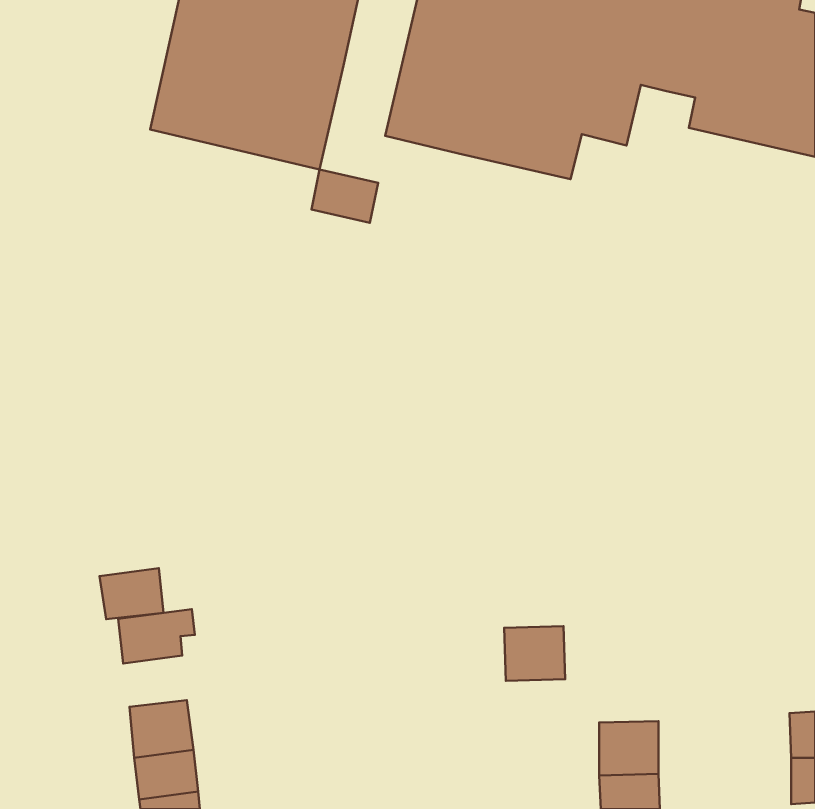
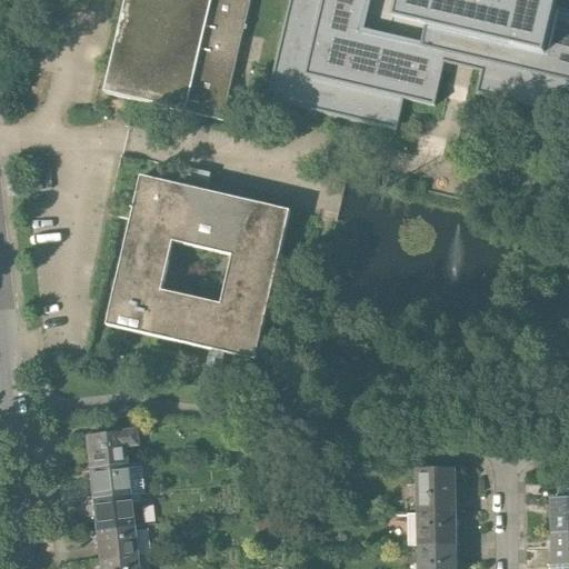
building: [311,169,378,223] -> none
building: none -> [107,173,289,356]
building: [100,568,164,619] -> [86,456,130,491]
building: [504,626,565,681] -> [416,465,458,502]

